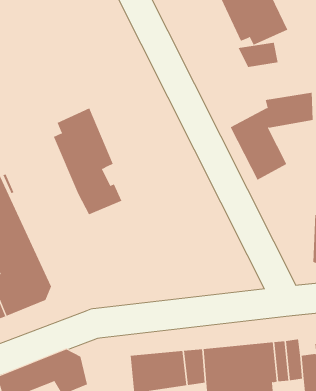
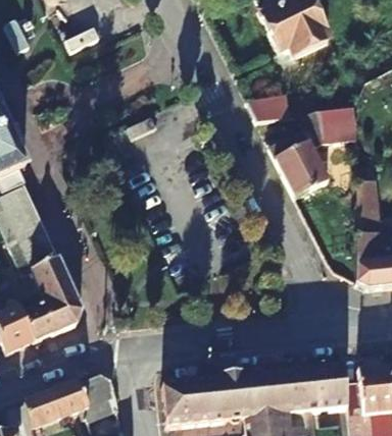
building: [238,42,279,67] -> [247,98,290,124]
building: [53,107,122,215] -> none

